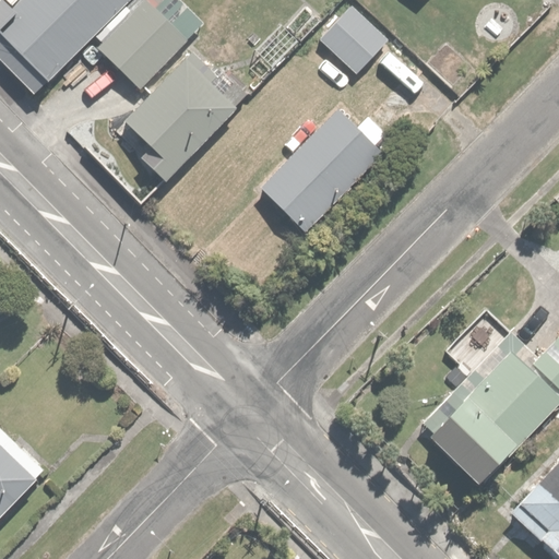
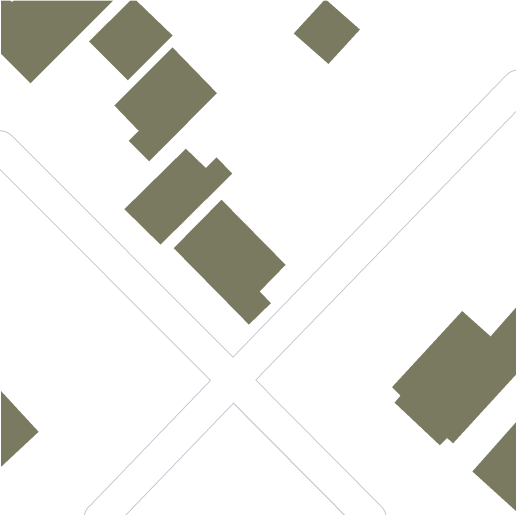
building: [260,107,388,230] -> none
building: none -> [124,148,233,245]
building: none -> [173,199,286,325]

